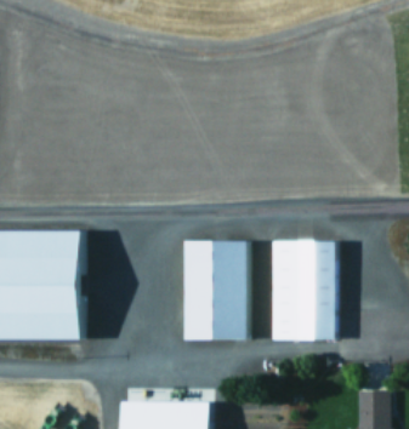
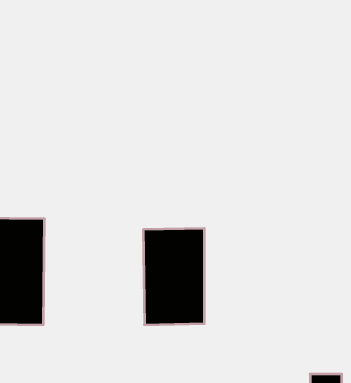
building: [272,241,336,339] -> none

